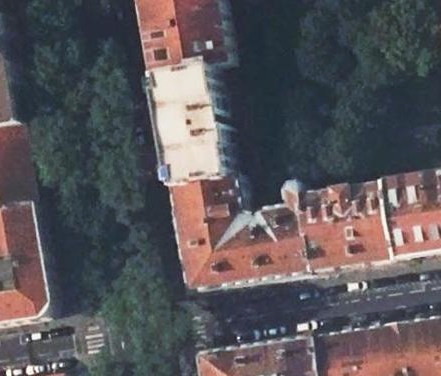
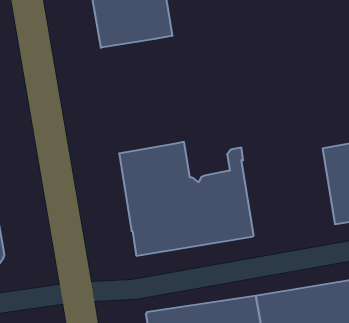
building: [150,68,241,188] -> none
building: [296,183,394,275] -> none

